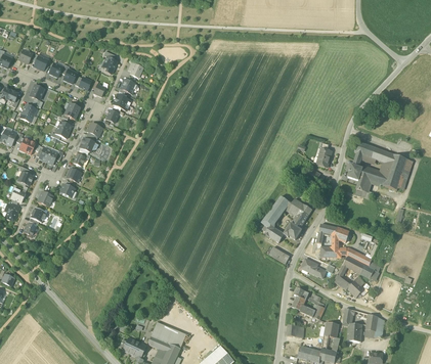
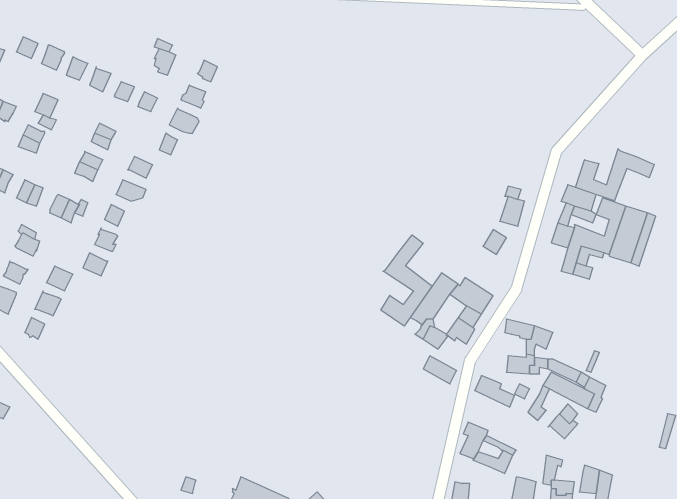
building: none -> [575,149,654,201]
building: none -> [381,235,432,326]

